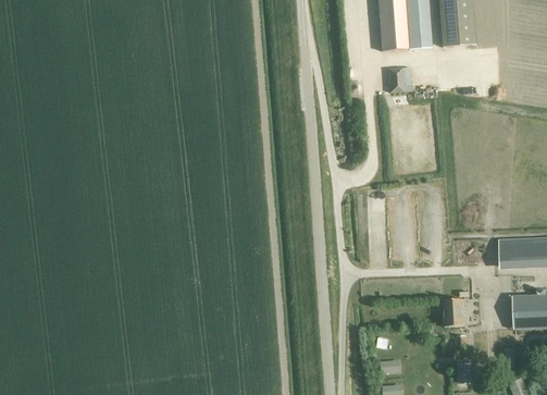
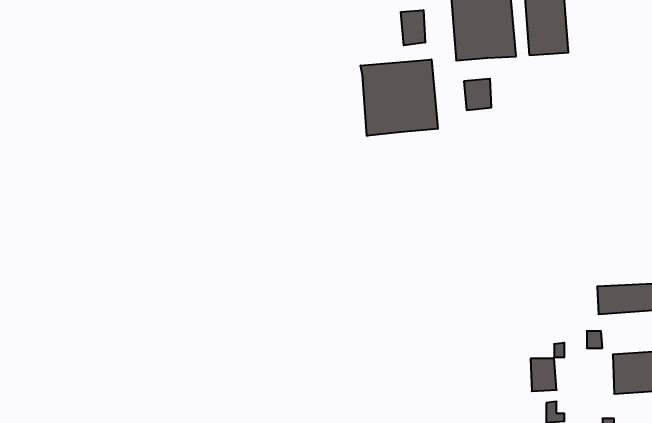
building: none -> [401,10,425,45]
building: none -> [361,59,438,136]

